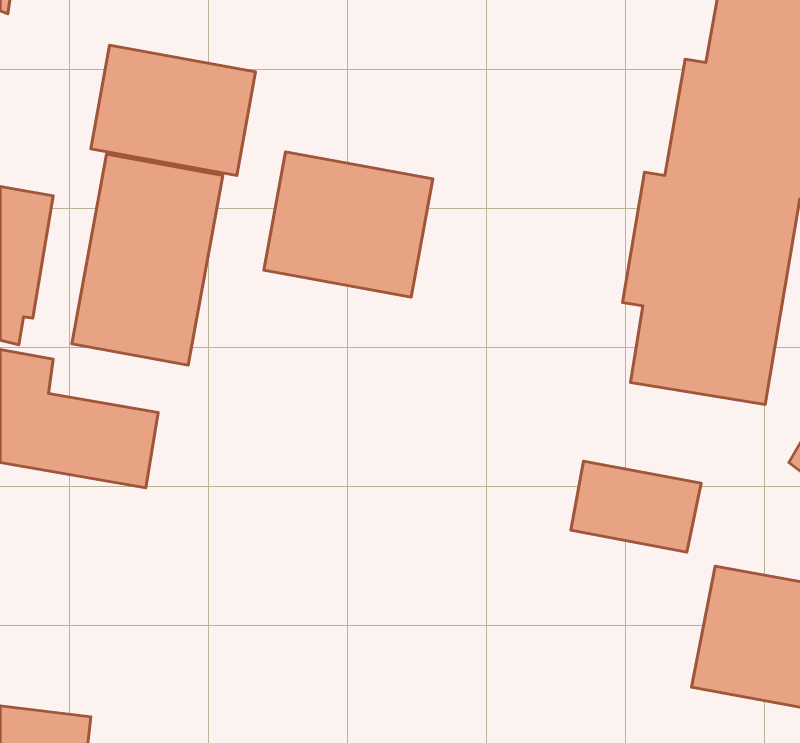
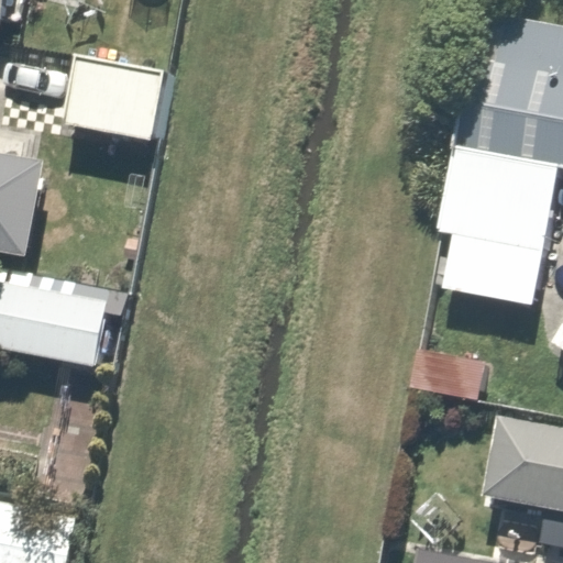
building: [264,152,433,297] -> none
building: [72,154,223,365] -> none

